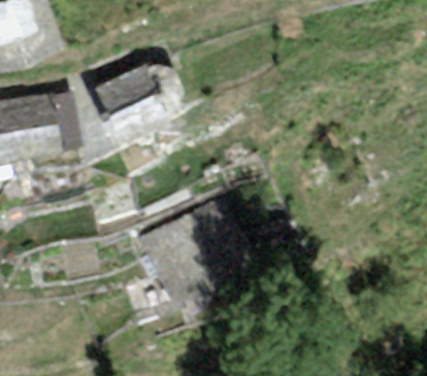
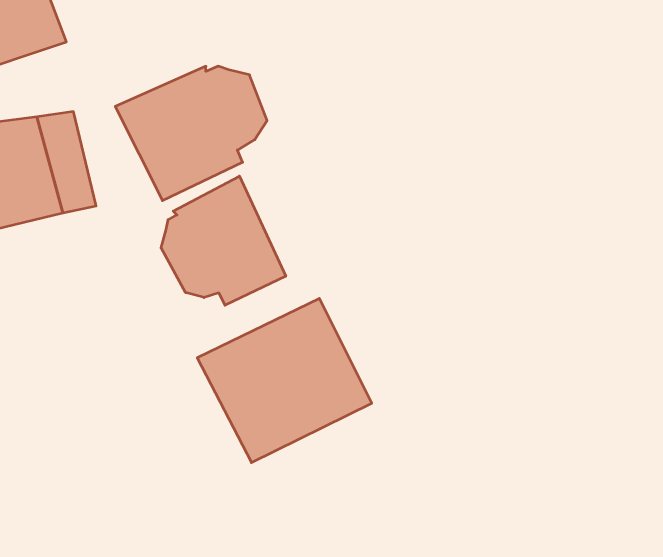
building: none -> [161,176,286,305]

